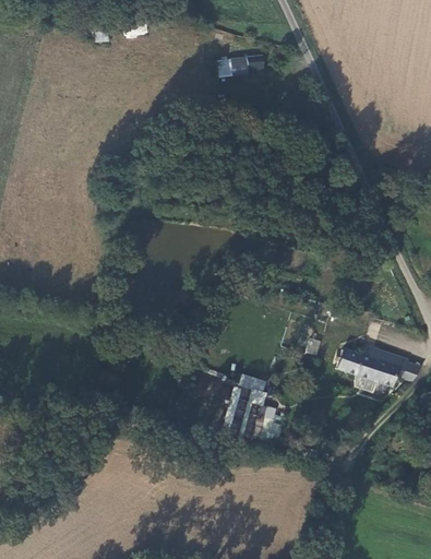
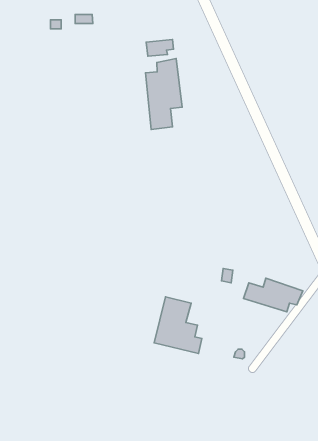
building: none -> [146,58,182,130]

